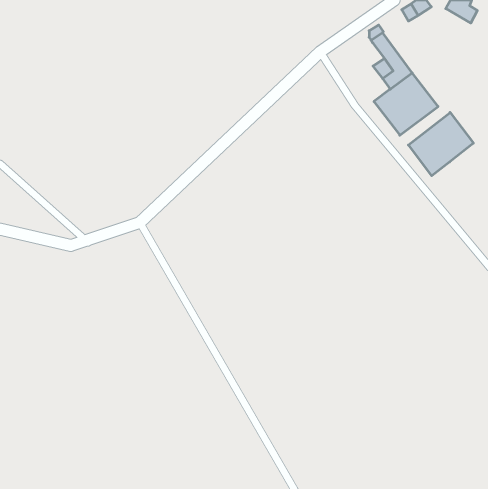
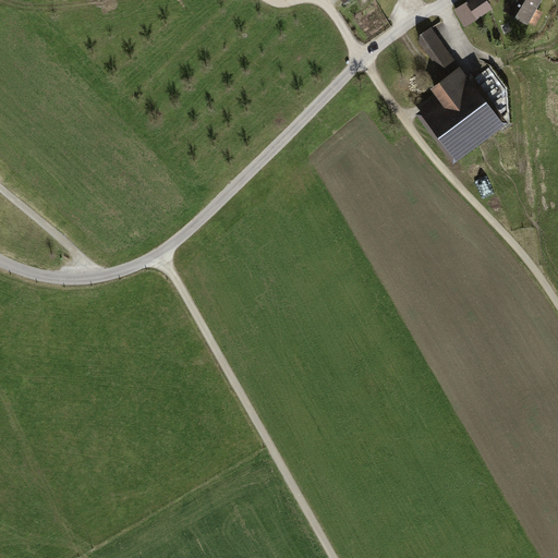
building: [408,112,473,176] -> none

